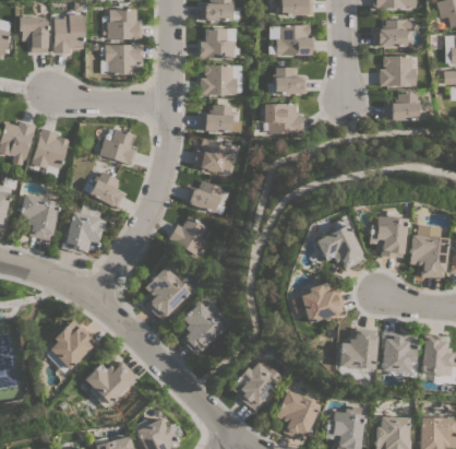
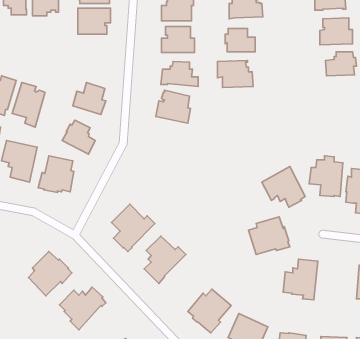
building: [185,179,226,214] -> none
building: [169,214,208,257] -> none
building: [381,331,418,377] -> none

